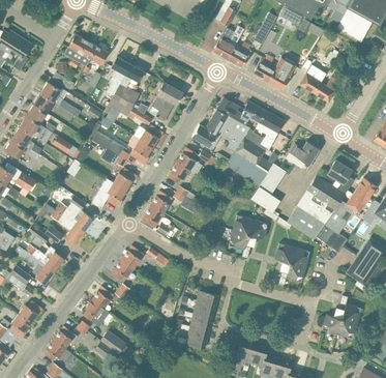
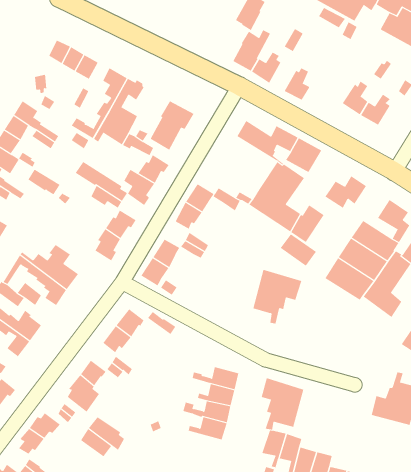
building: [268,58,296,90] -> none
building: [191,110,248,151] -> none
building: [275,242,309,284] -> [261,378,304,430]

